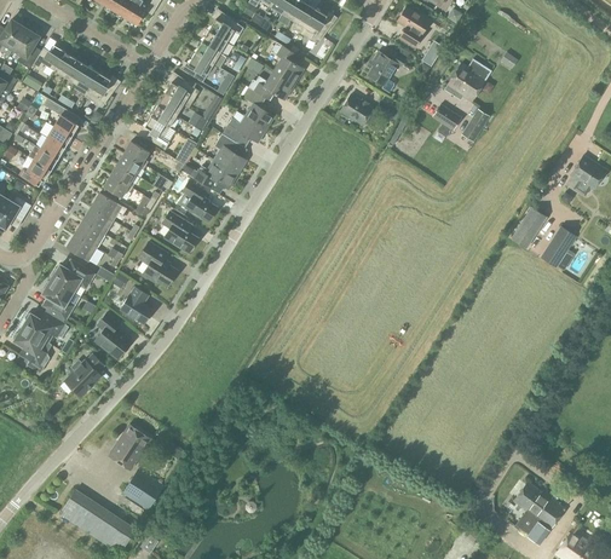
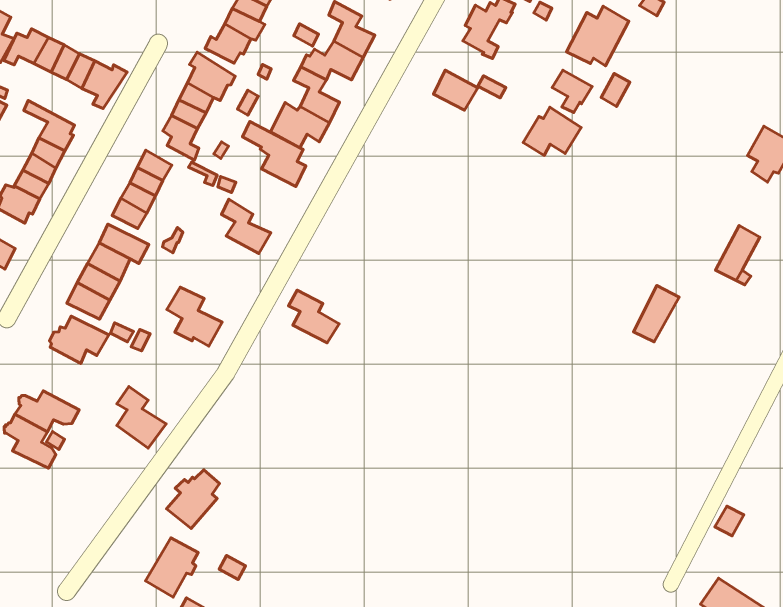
building: none -> [523,107,581,155]
building: [195,160,238,192] -> none
building: [511,206,546,247] -> [634,285,679,342]
building: [162,212,198,252] -> [288,290,339,343]
building: [40,280,74,321] -> none
building: [121,287,152,324] -> none
building: [64,355,104,397] -> [167,470,220,529]

